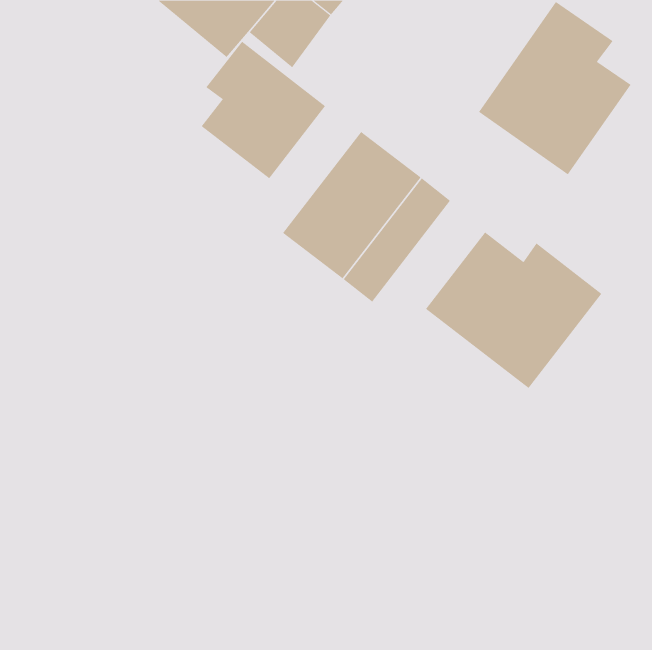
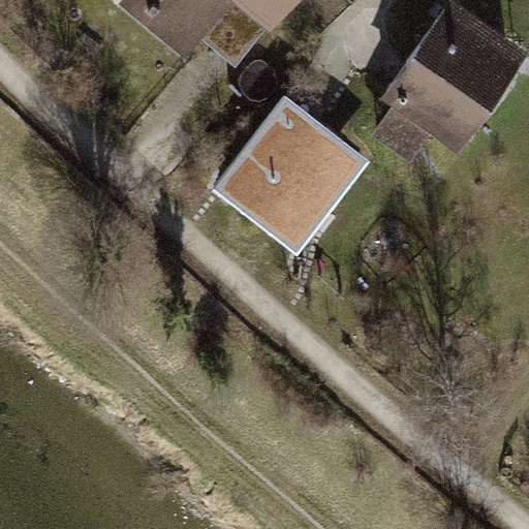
building: [201,41,326,179] -> none
building: [425,232,602,389] -> none

